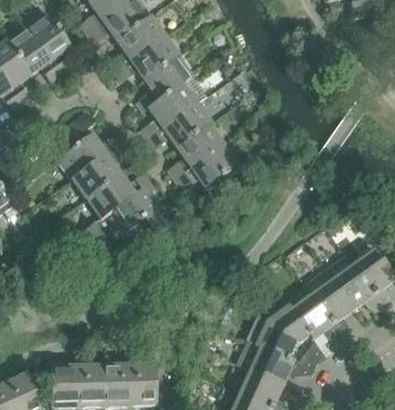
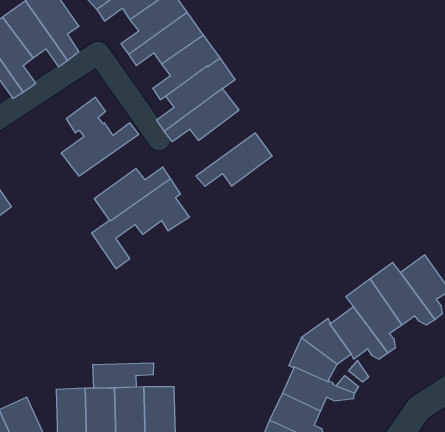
building: [167,120,226,178] -> none
building: [71,141,130,198] -> none
building: none -> [93,363,153,388]

